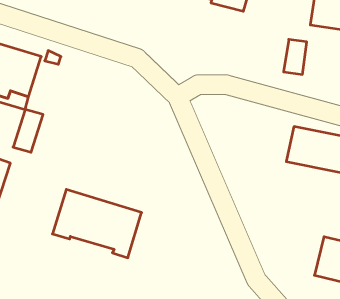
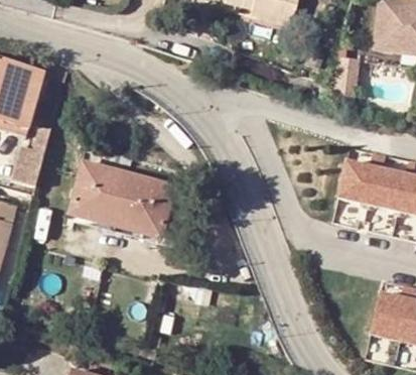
building: [52,189,142,258] -> [73,164,177,245]

